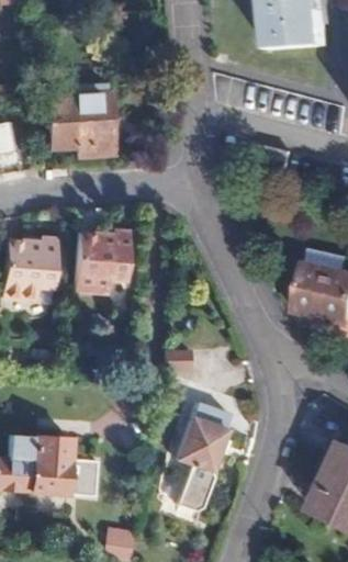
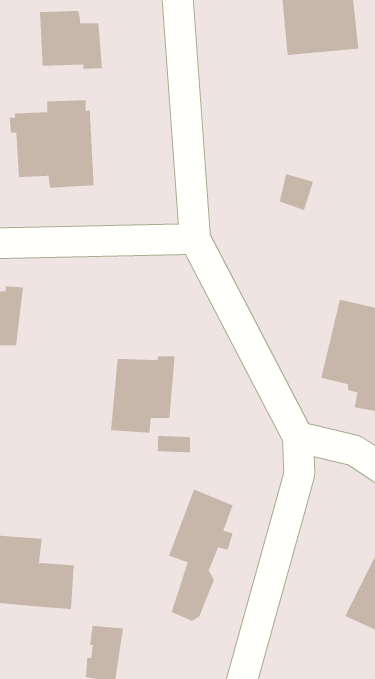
building: none -> [39,10,103,69]
building: [75,225,128,289] -> [110,356,176,433]

